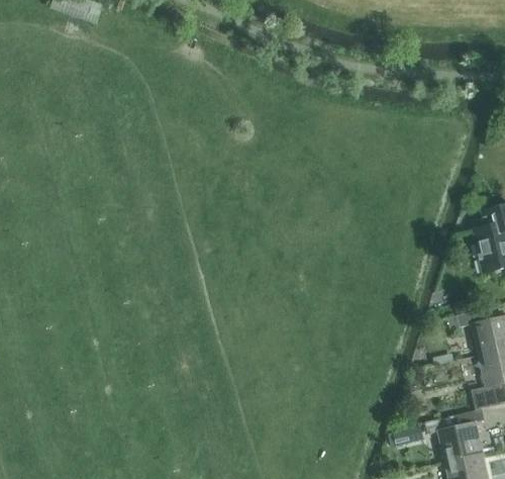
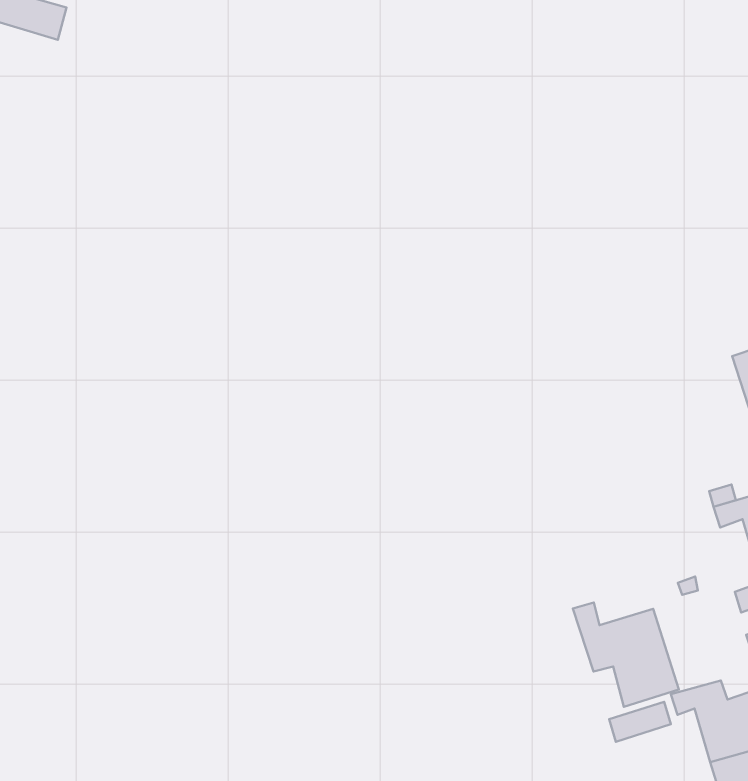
building: none -> [573,603,679,707]

